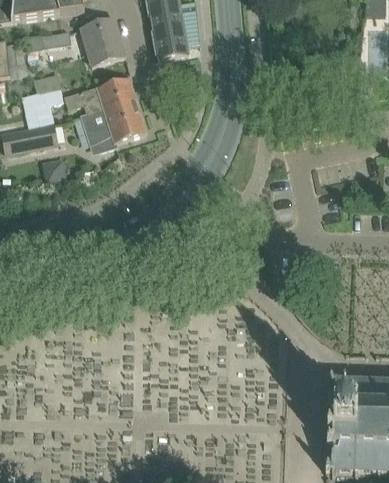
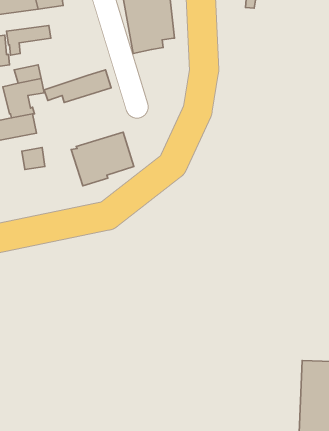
building: [80,16,126,64] -> none
building: [80,95,145,151] -> [71,132,134,186]

